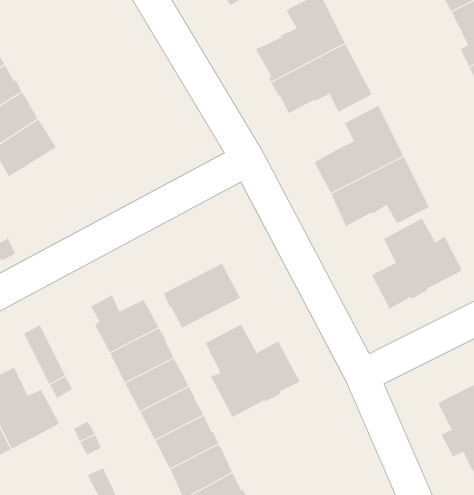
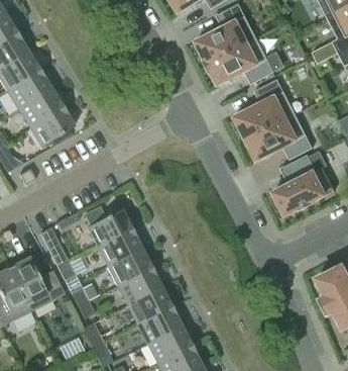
building: none -> [29,106,73,145]
building: [163,263,241,328] -> none
building: [205,324,300,418] -> none

